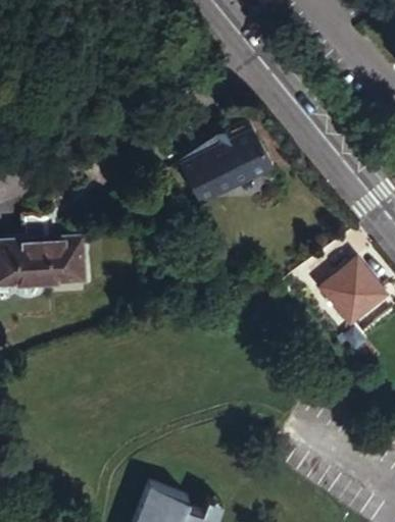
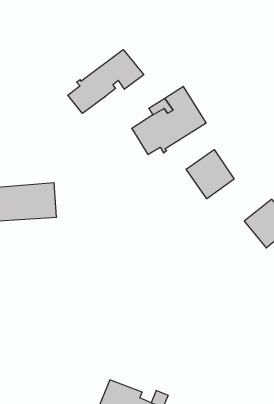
building: none -> [68,50,144,113]
building: none -> [186,150,234,199]

